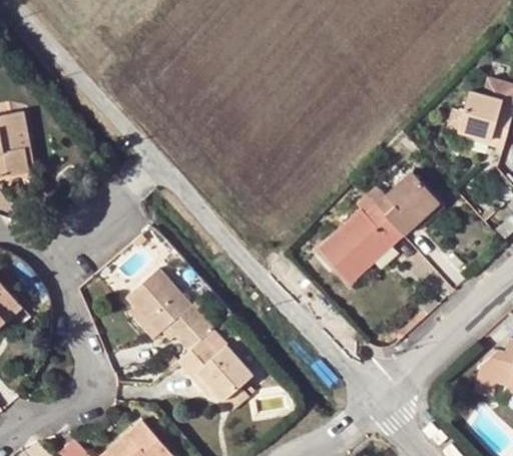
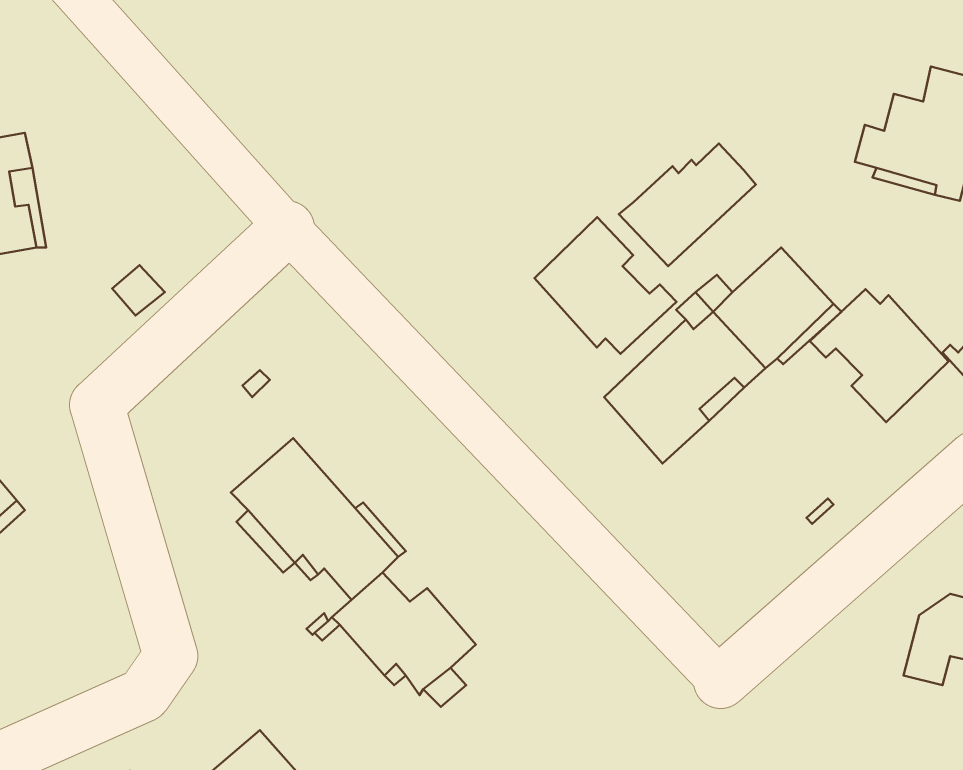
building: none -> [619,144,756,266]
building: none -> [534,217,676,354]
building: none -> [810,289,949,422]

